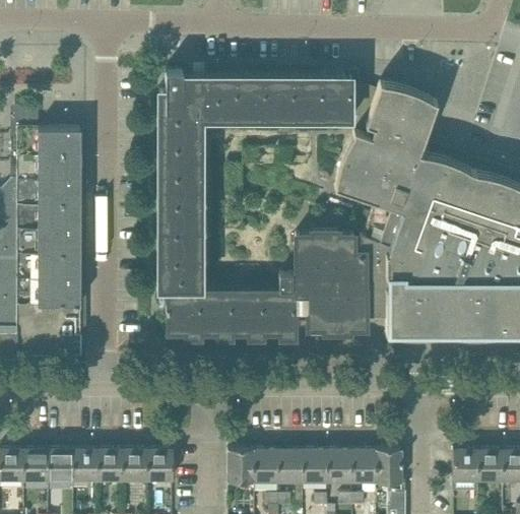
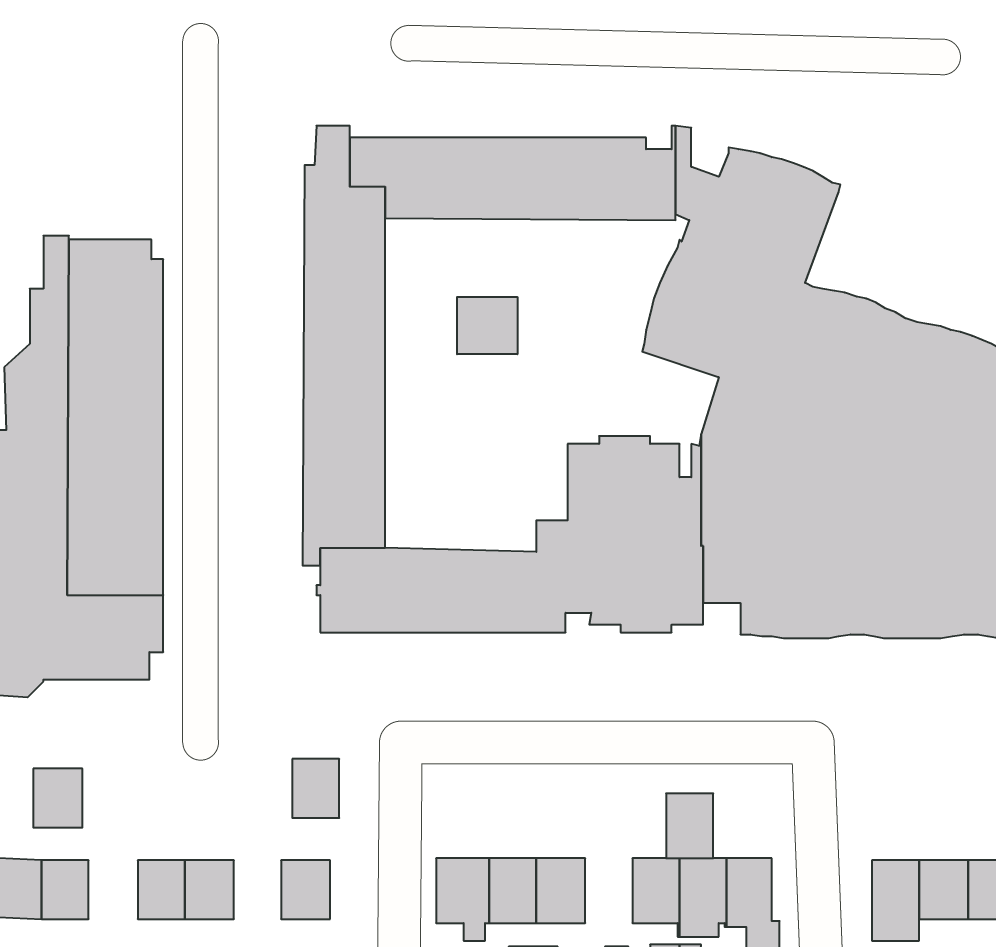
building: none -> [457,297,517,354]
building: [305,451,329,485] -> [666,793,713,858]
building: [48,452,73,483] -> [33,769,82,828]
building: [123,452,147,483] -> [292,759,339,818]

